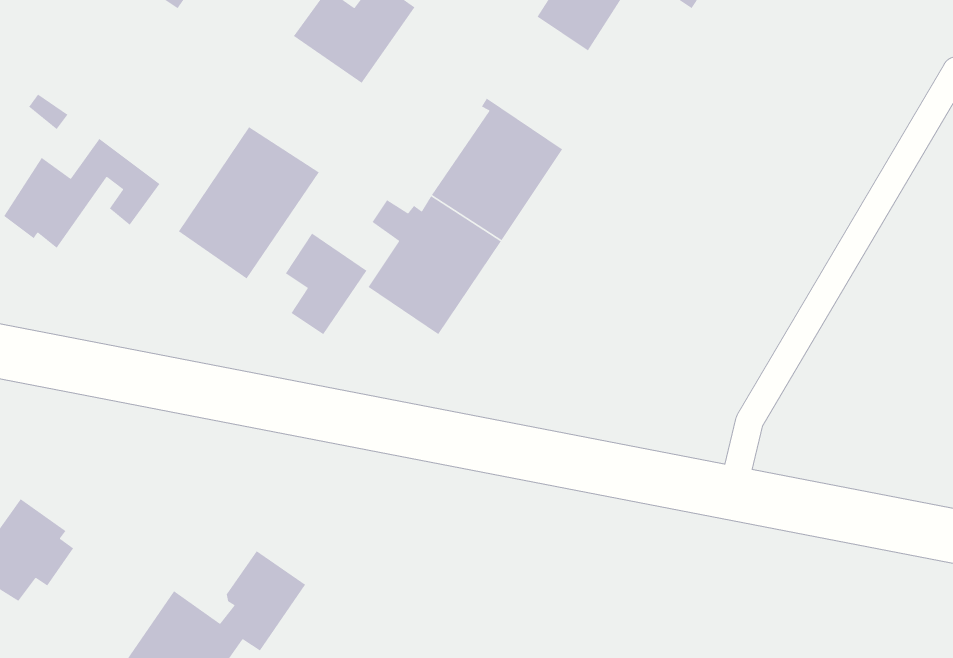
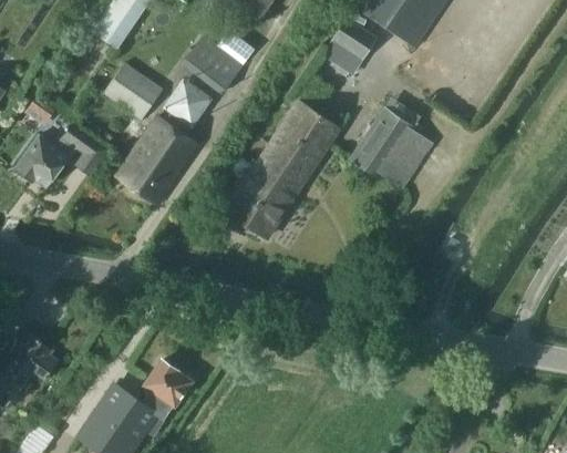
building: none -> [103,63,161,123]
building: none -> [163,78,214,128]
building: none -> [350,107,432,187]
building: [285,233,367,335] -> none

